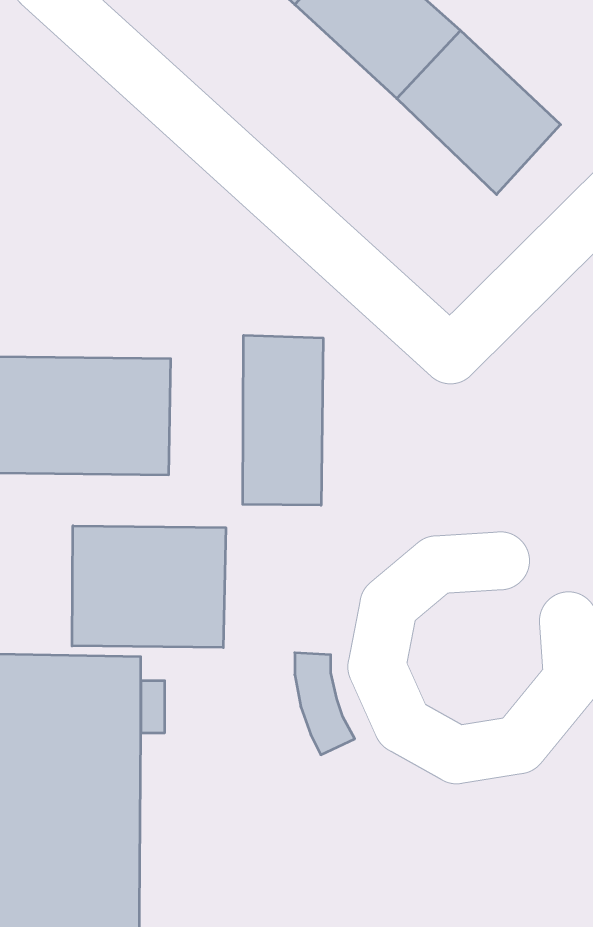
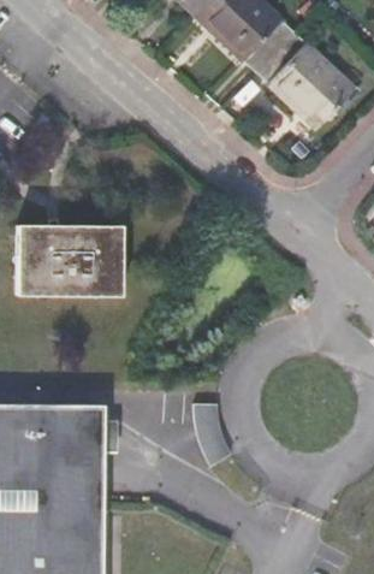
building: [243,335,323,505] -> none
building: [72,526,226,648] -> none

